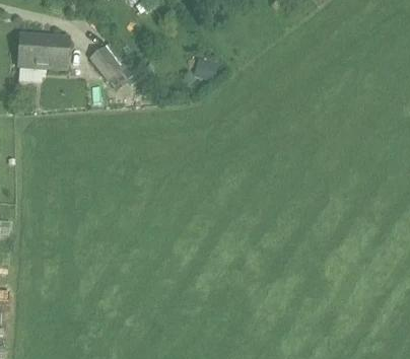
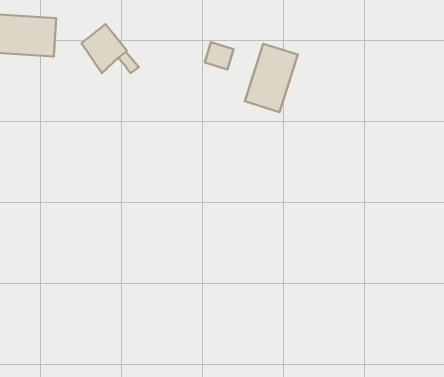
building: none -> [245,44,298,112]

